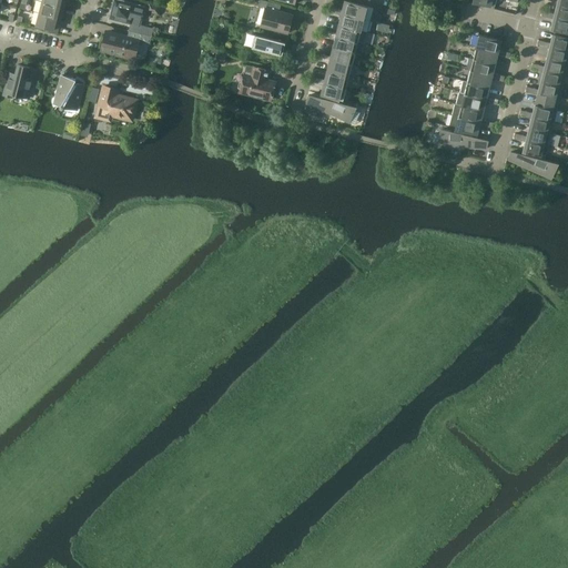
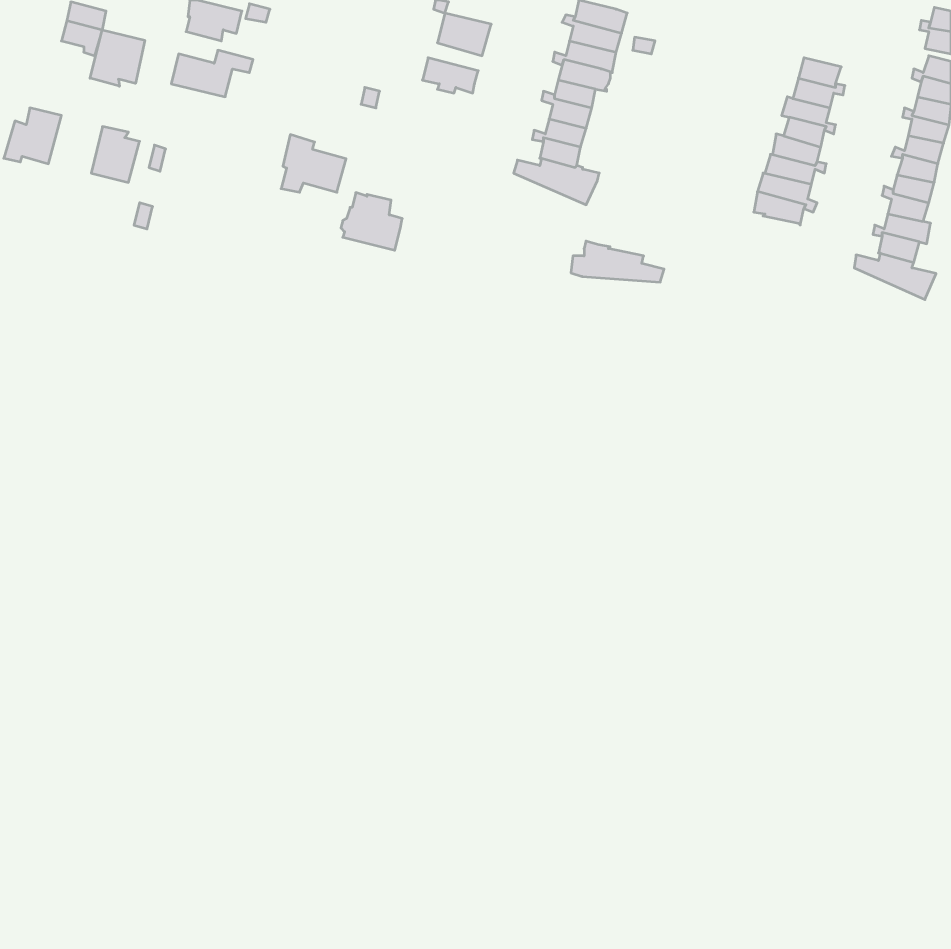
building: none -> [90,30,145,86]
building: [239,67,275,101] -> [341,193,402,250]
building: [98,87,136,121] -> [281,135,346,192]
building: [433,125,488,150] -> [571,241,664,282]

